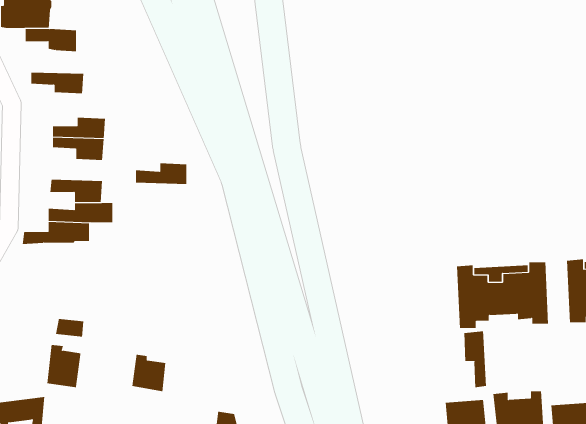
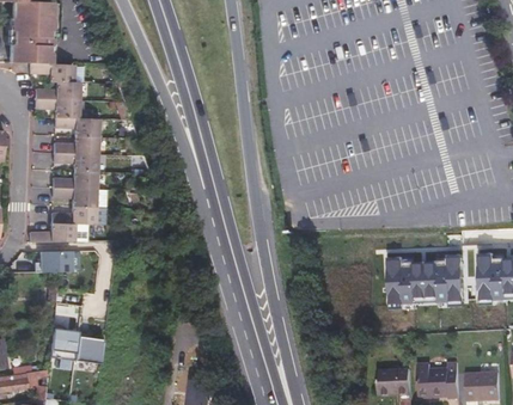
building: none -> [35,80,79,99]
building: none -> [54,115,97,136]
building: [135,163,187,184] -> [51,170,94,188]
building: none -> [32,250,77,270]
building: [464,330,487,388] -> none
building: [131,354,166,392] -> [73,331,102,362]

